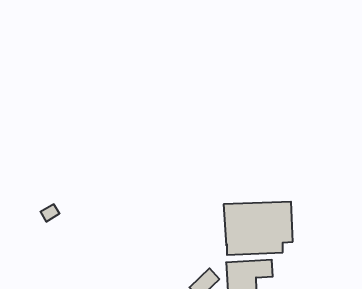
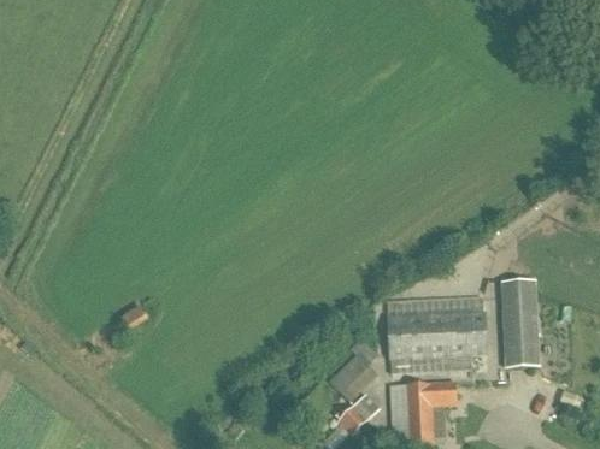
building: none -> [500,279,540,368]
building: none -> [329,338,378,402]

